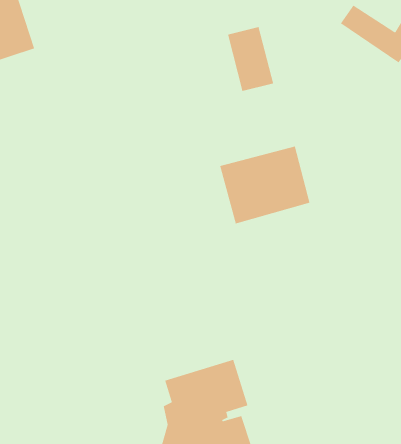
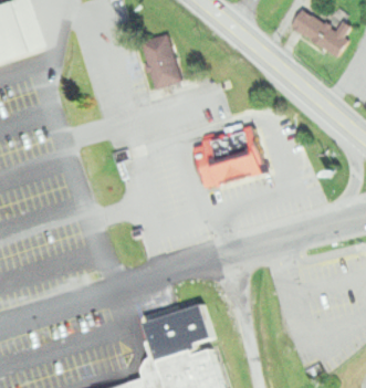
building: [227,26,274,92] -> [140,36,179,91]

